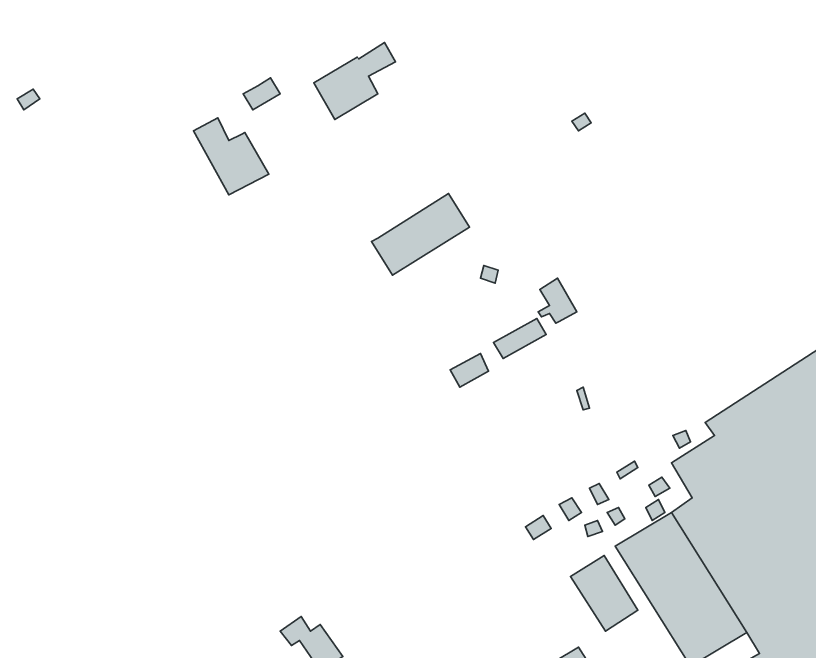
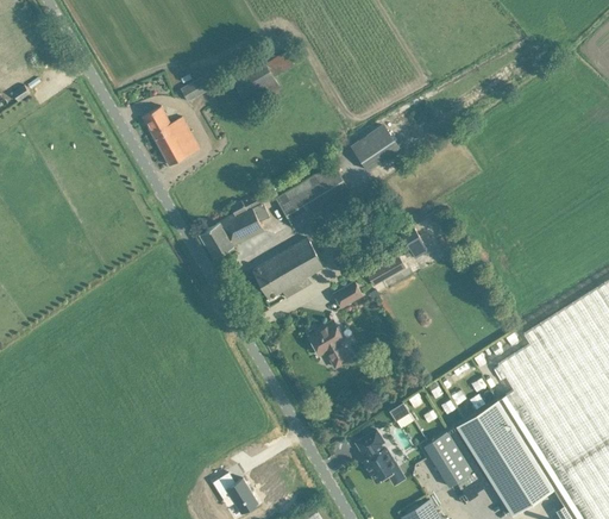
building: none -> [350,124,401,171]
building: none -> [200,187,278,260]
building: none -> [253,239,324,300]
building: none -> [309,321,350,369]
building: none -> [356,431,403,484]

